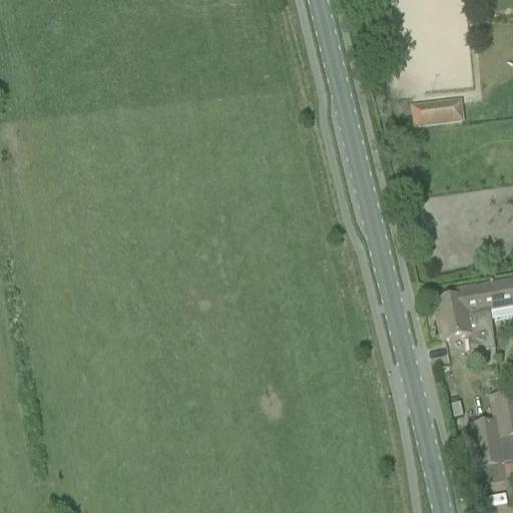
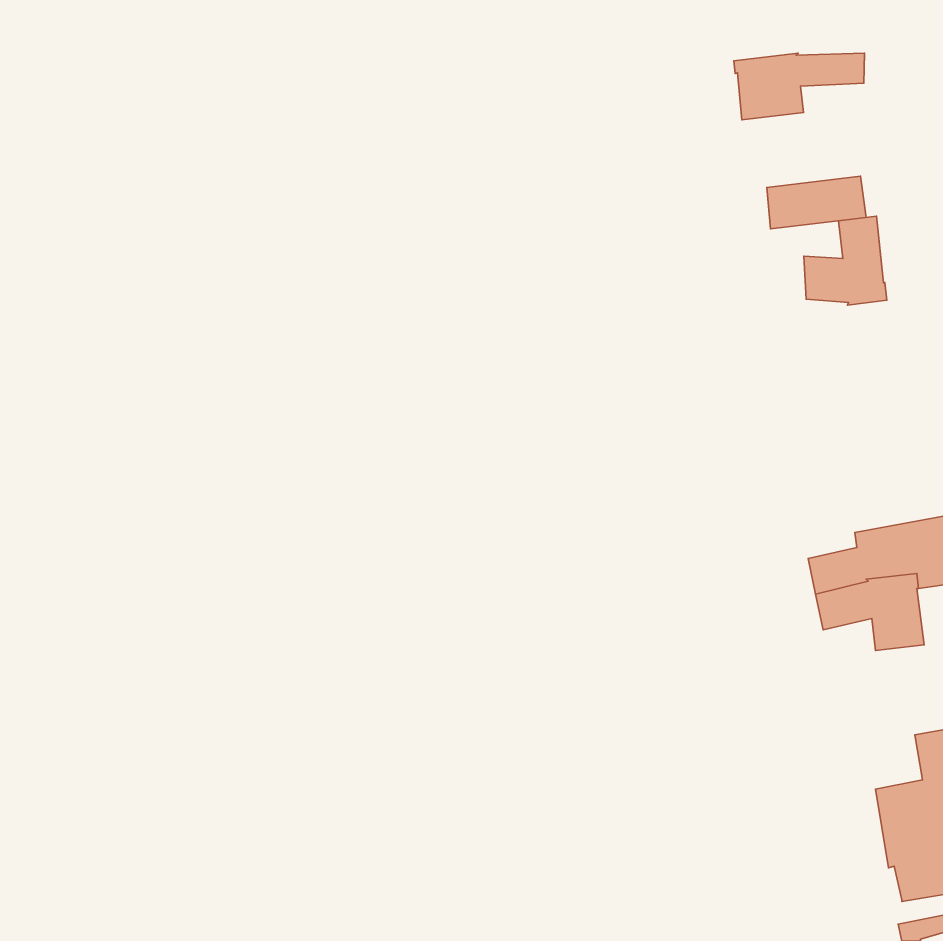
building: none -> [734,53,864,120]
building: none -> [804,216,887,305]

